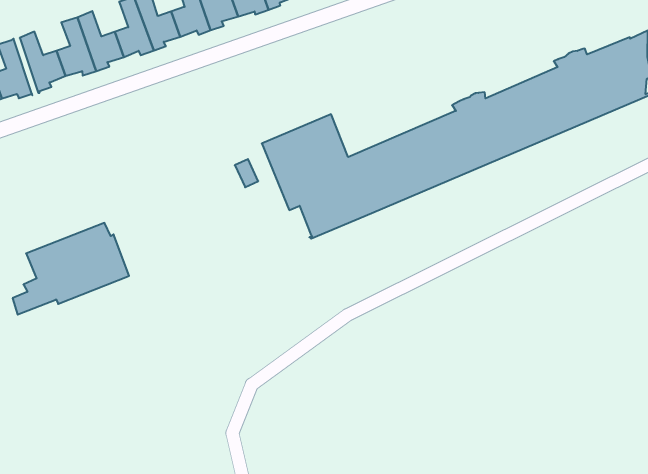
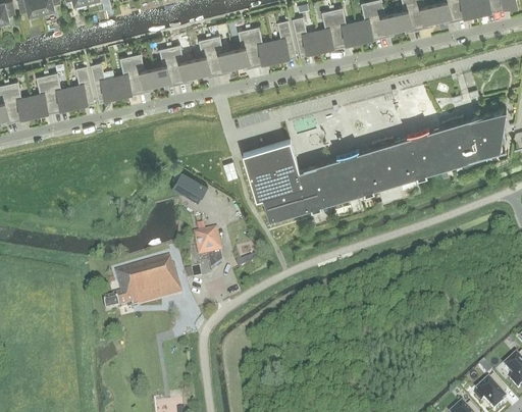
building: none -> [171,173,208,207]
building: [13,223,129,315] -> [103,258,181,312]
building: none -> [195,231,222,271]

